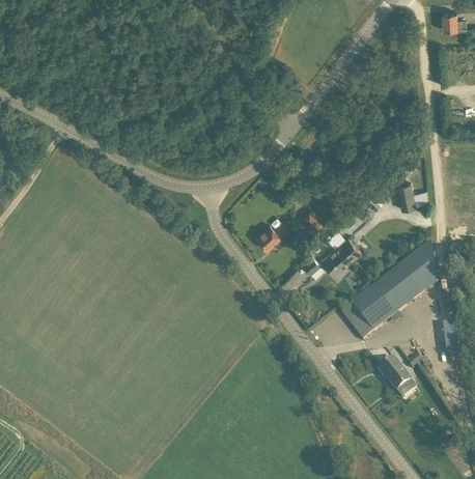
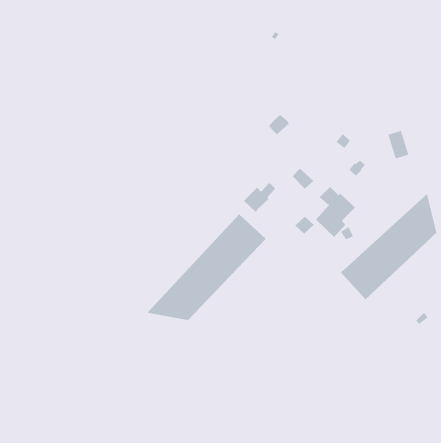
building: none -> [146,213,266,321]
building: [379,355,411,388] -> none

